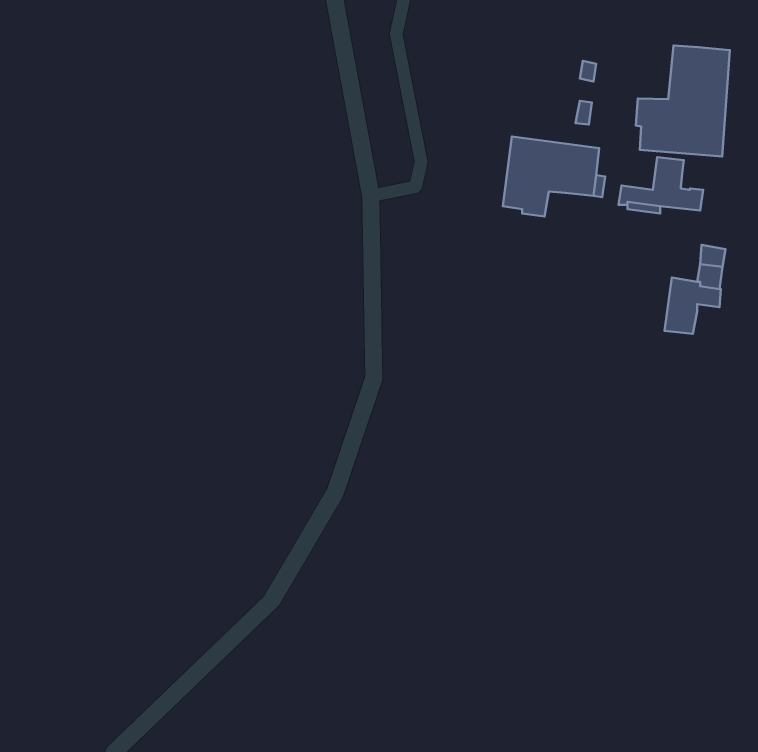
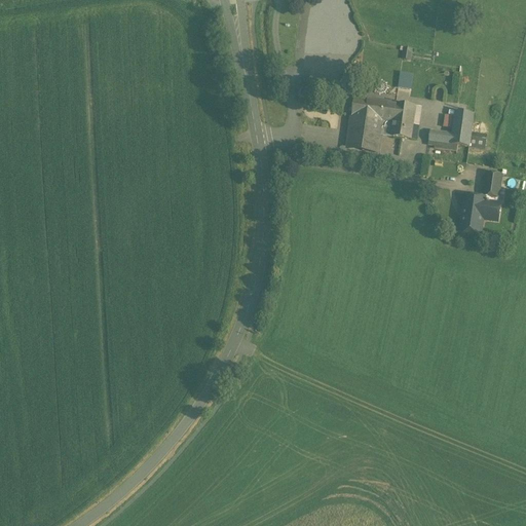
building: [636,46,730,156] -> none

